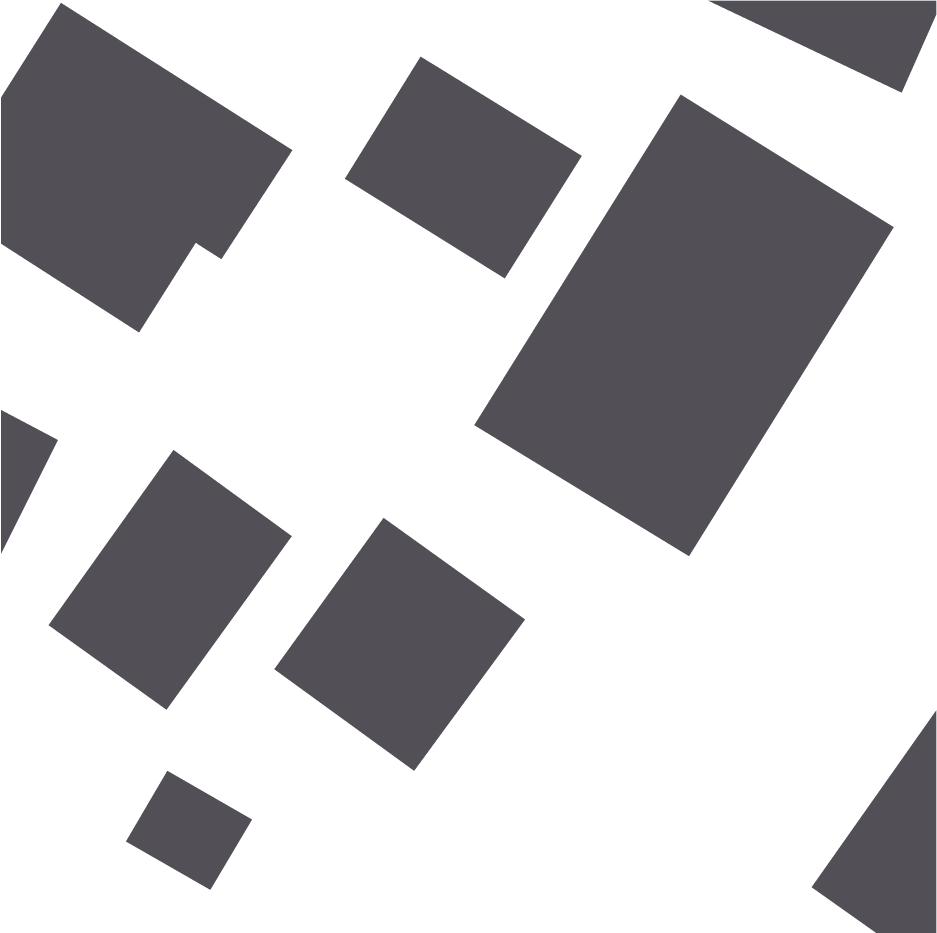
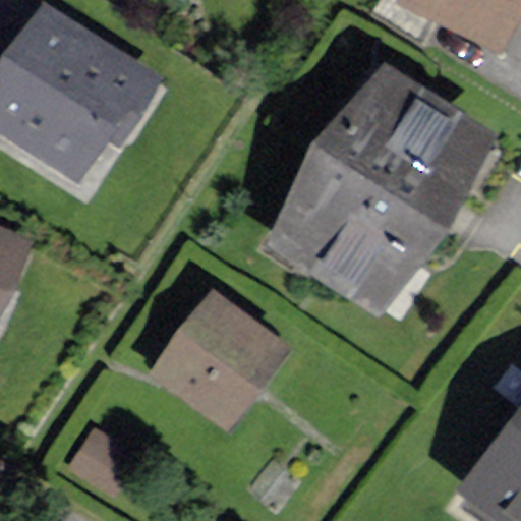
building: [344,56,583,279] -> none
building: [48,449,293,711] -> none

